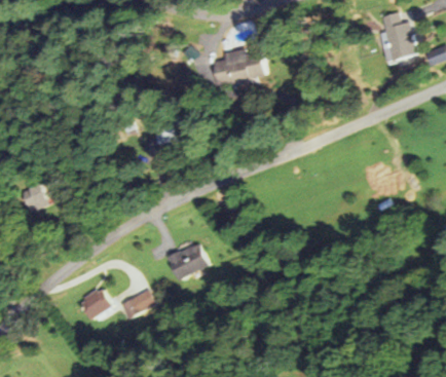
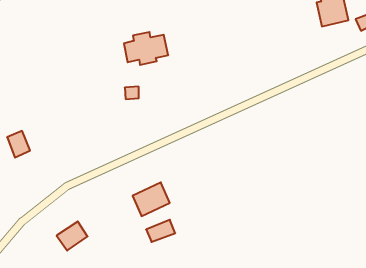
building: [214,48,265,86] -> [124,32,168,65]
building: [121,291,155,316] -> [146,220,175,242]

